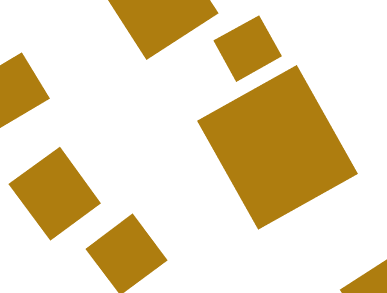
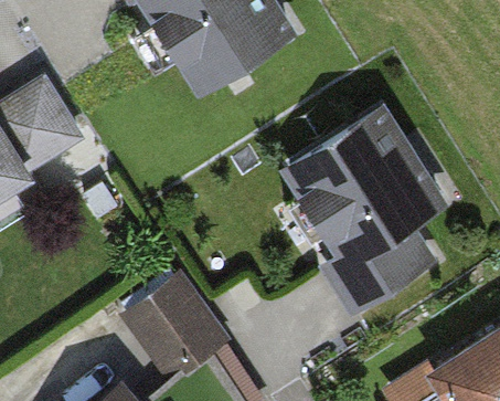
building: [212,14,283,83] -> none
building: [7,146,102,242] -> none

